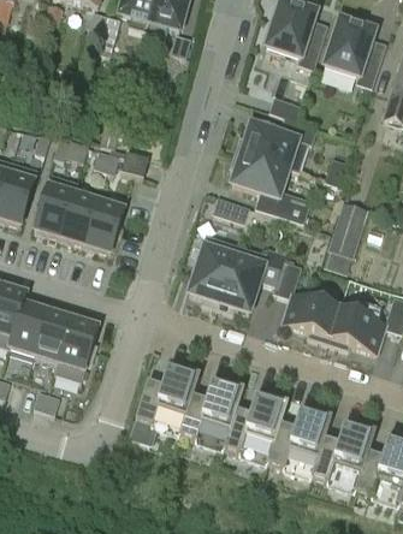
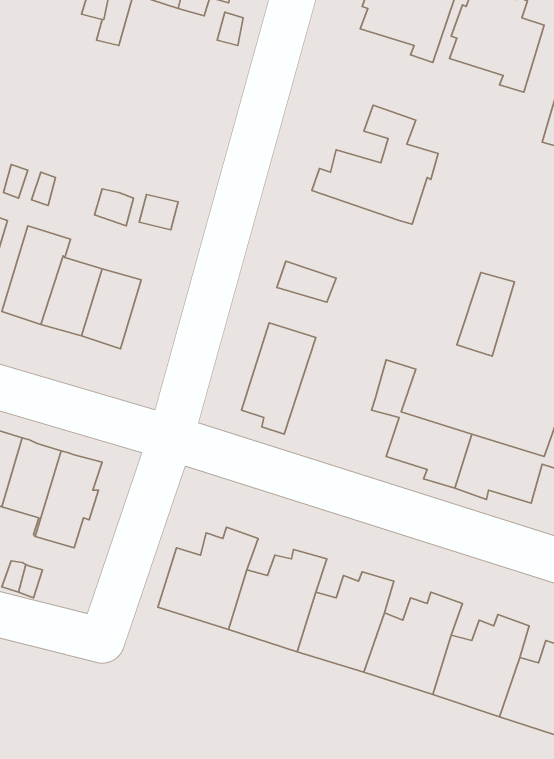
building: [229,149,309,222] -> none
building: [215,244,284,313] -> none

